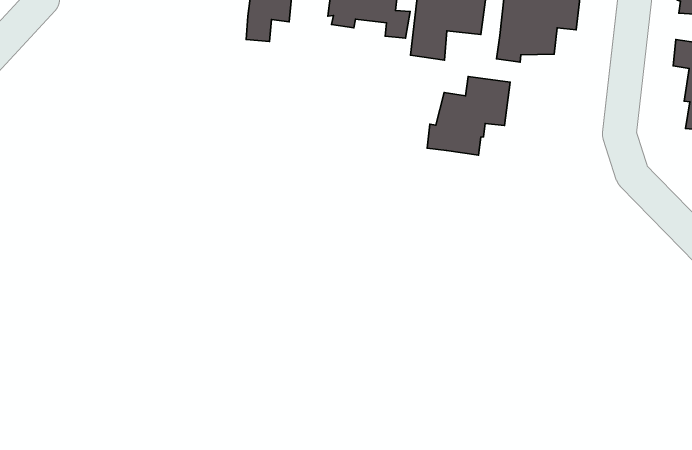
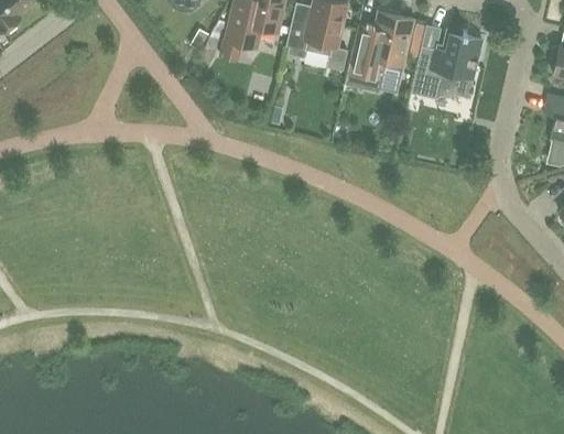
building: [427,76,510,155] -> none

